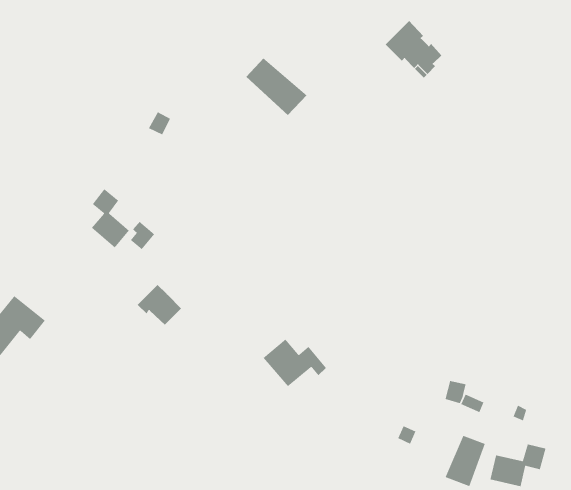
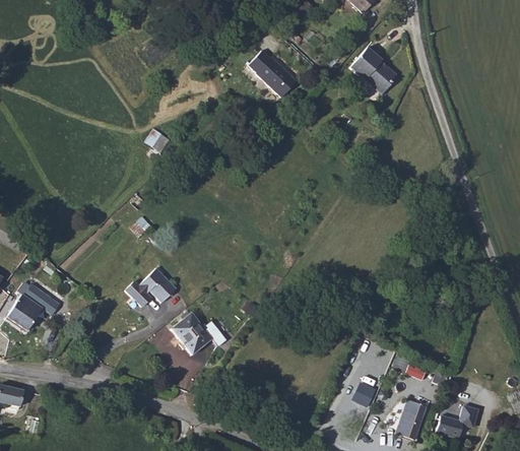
building: [245,57,307,116] -> [249,49,301,98]
building: [91,188,130,248] -> none
building: [262,339,327,387] -> [172,315,225,356]

